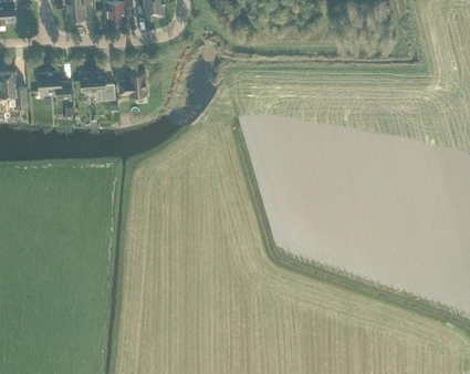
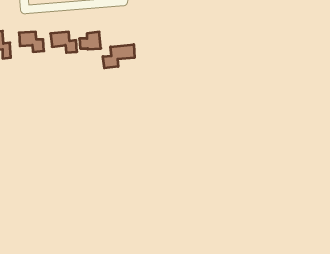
building: none -> [103,44,134,68]

